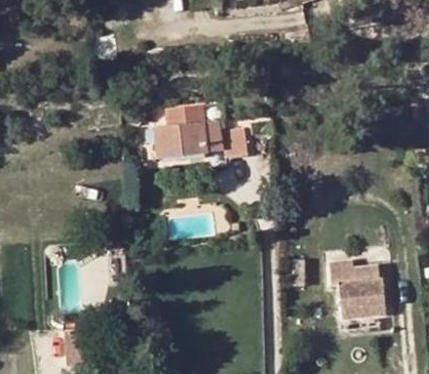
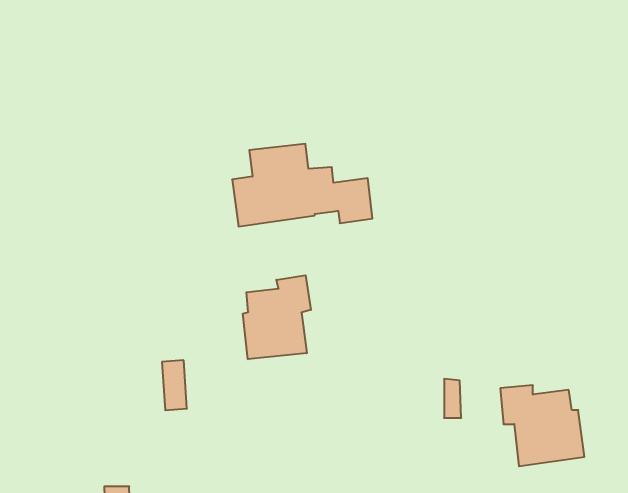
building: none -> [243,275,311,359]

